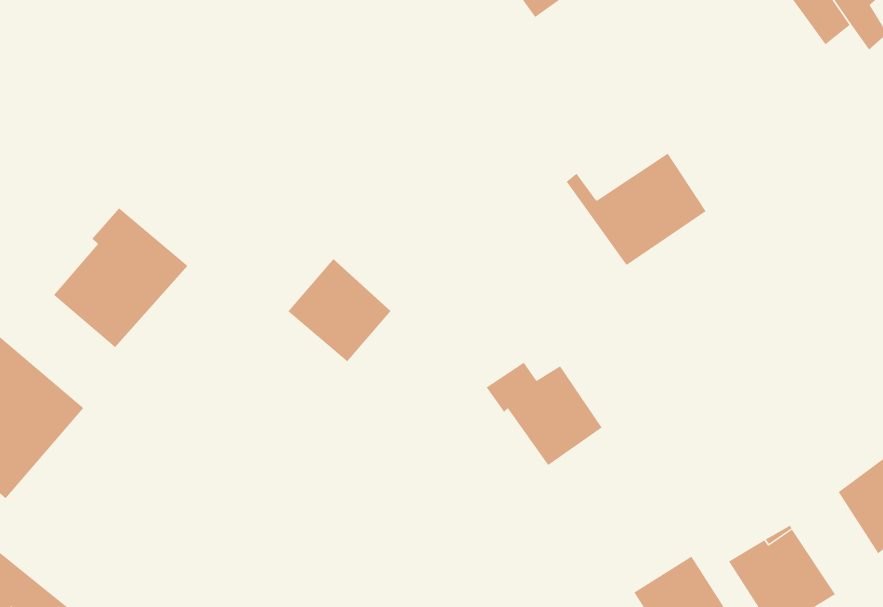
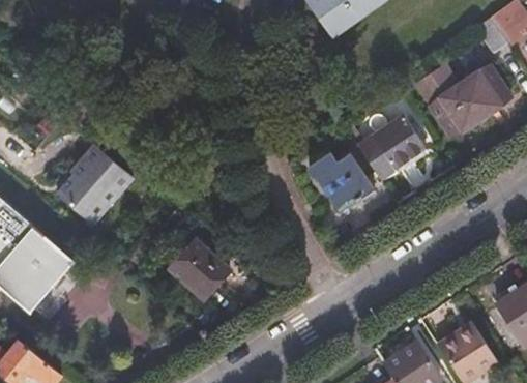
building: none -> [414,64,507,136]
building: [287,258,391,362] -> [170,240,229,299]
building: [486,362,602,466] -> [305,151,372,210]

